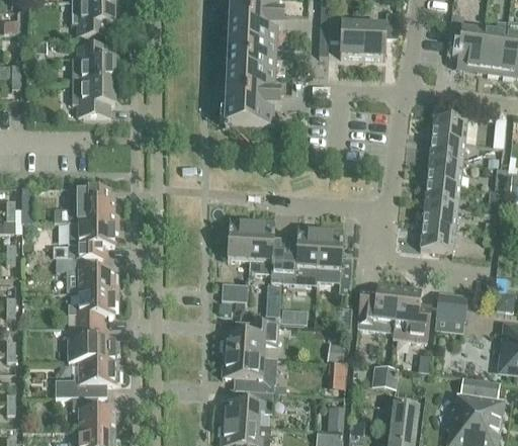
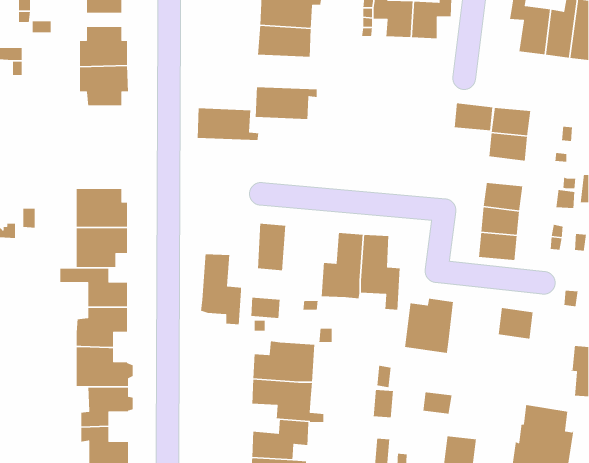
building: [226,71,280,100] -> [197,107,259,141]
building: [427,160,461,185] -> [454,102,493,131]
building: [248,219,284,282] -> [200,254,242,325]
building: [393,286,431,341] -> none

